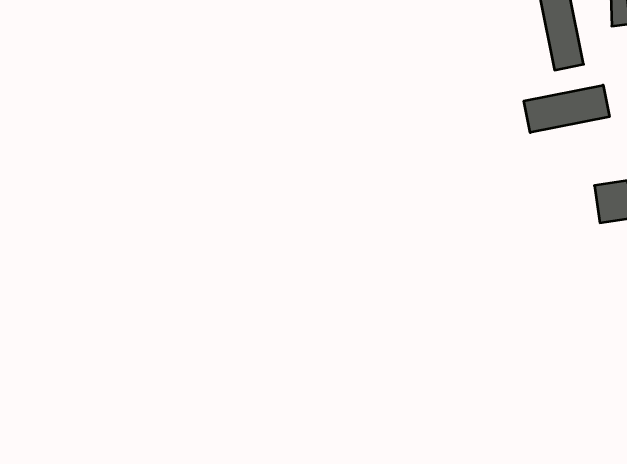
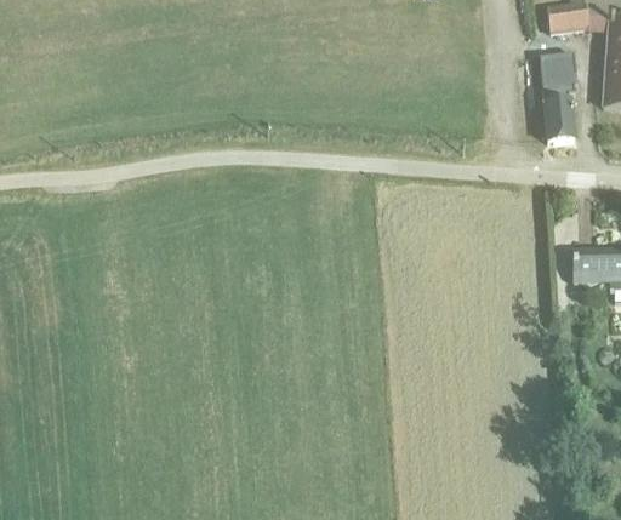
building: [524,85,609,133] -> none

